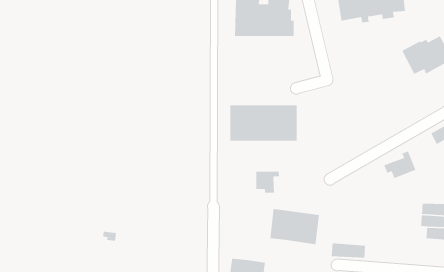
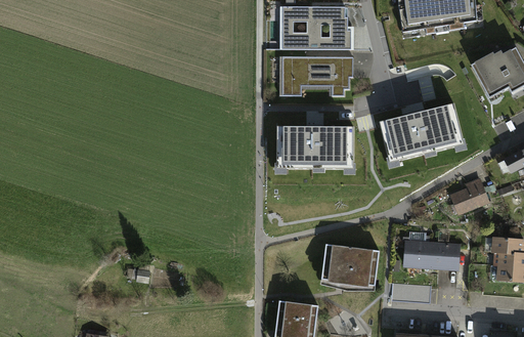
building: none -> [281,56,352,95]
building: none -> [379,103,464,162]
building: [255,171,280,193] -> none
building: none -> [404,230,458,269]

